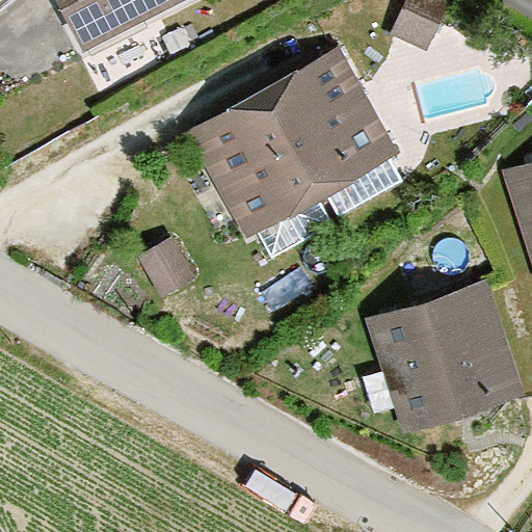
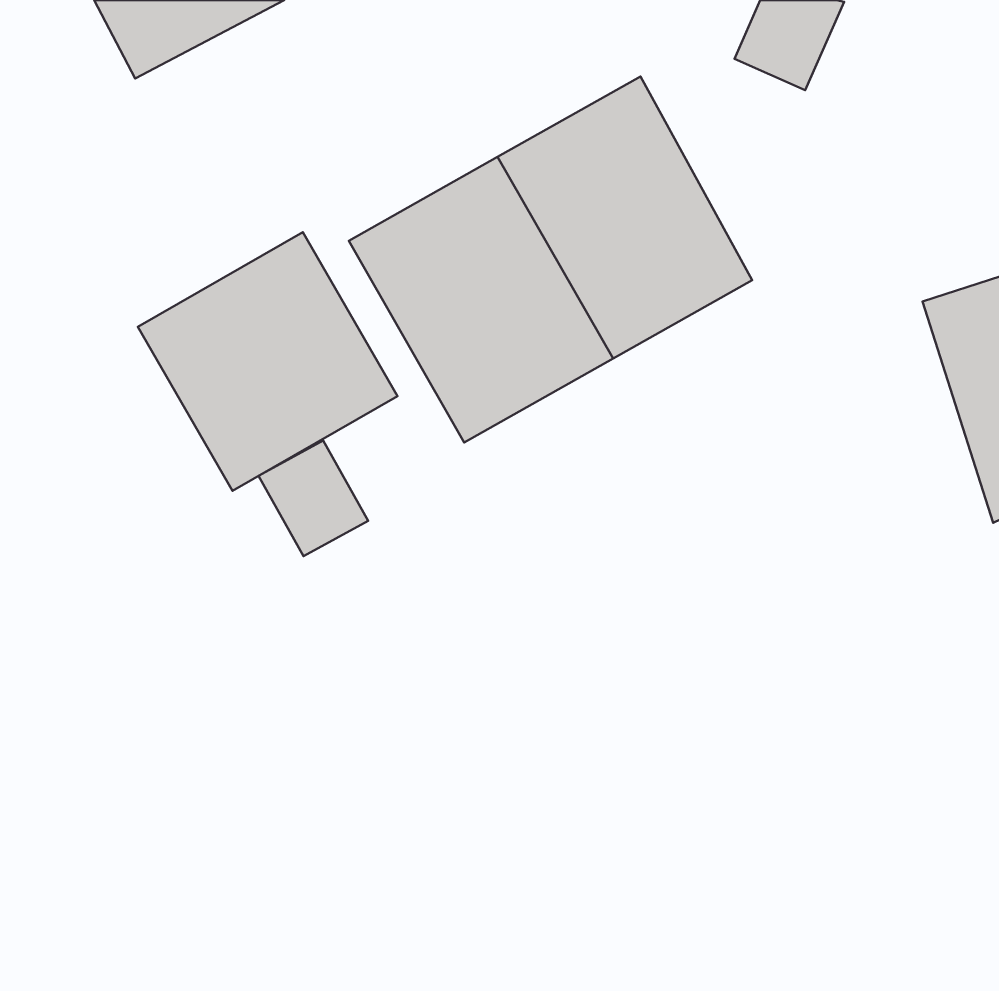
building: none -> [138,232,398,491]
building: [368,281,527,435] -> none

